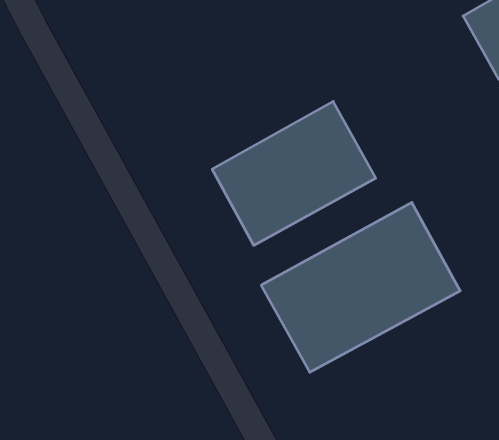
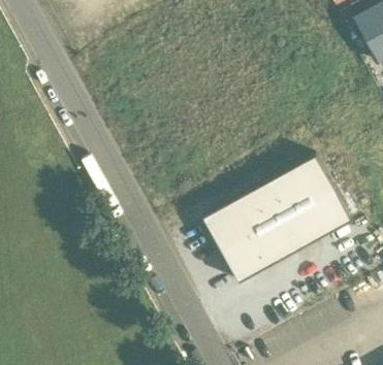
building: [212,101,376,245] -> none

